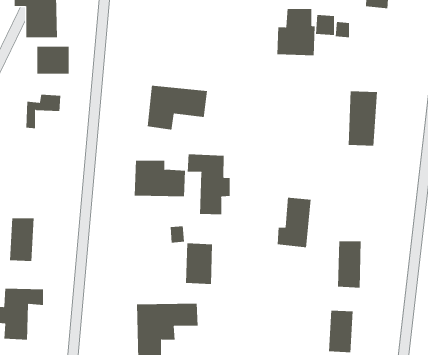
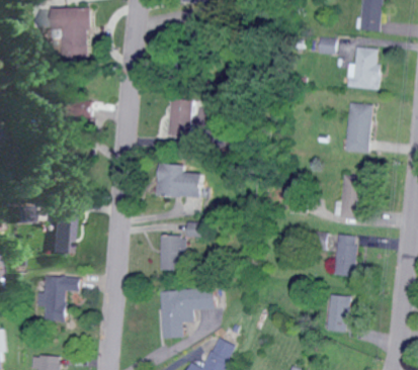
building: [276,8,316,56] -> [346,48,381,89]
building: [37,46,69,75] -> none
building: [187,154,230,215] -> none
building: [277,197,311,248] -> [334,175,364,219]
building: [185,243,213,284] -> [160,235,184,271]

